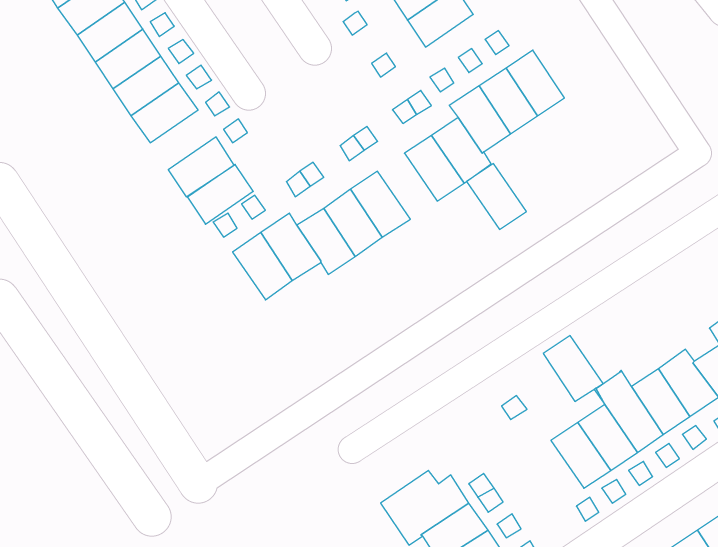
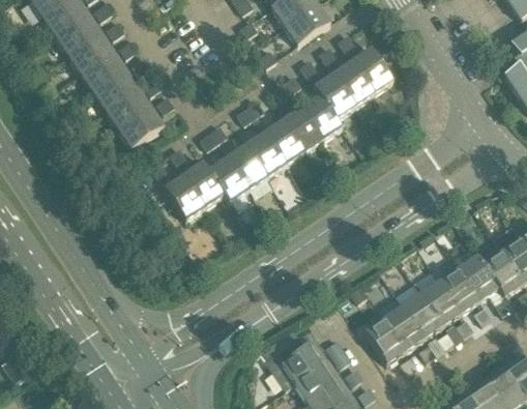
building: [467,164,526,229] -> [264,118,305,164]
building: [187,164,253,224] -> [107,88,152,129]
building: [543,336,603,401] -> [365,317,407,362]

